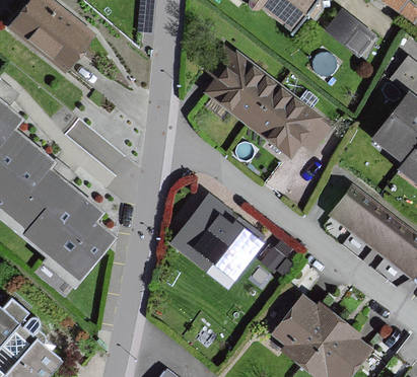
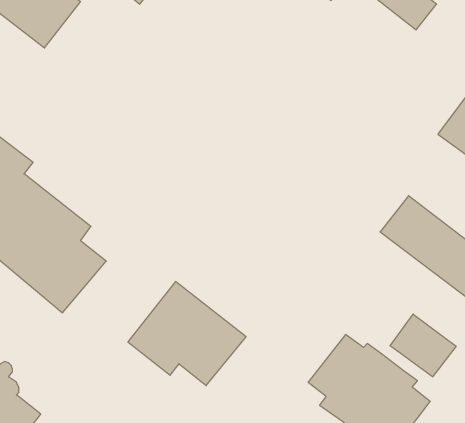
building: [206,47,330,156] -> none
building: [171,197,265,279] -> [128,282,246,386]
building: none -> [390,314,456,377]

